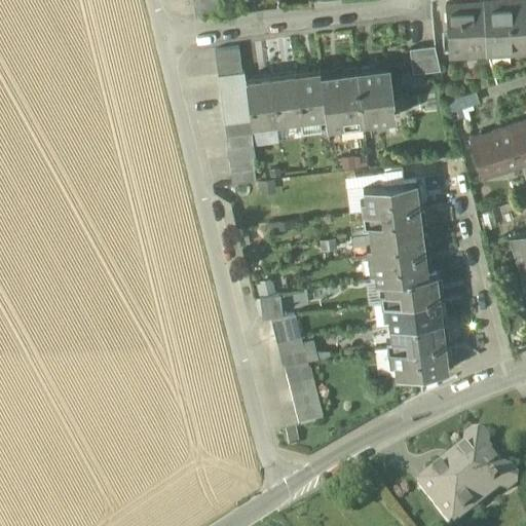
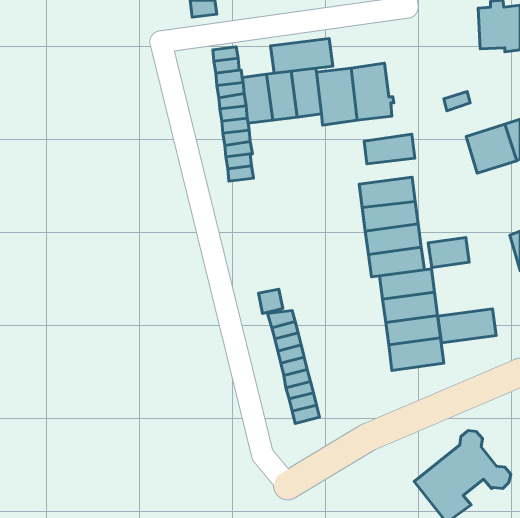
building: [446,10,485,58] -> none
building: none -> [271,38,333,73]
building: [409,48,440,75] -> none
building: none -> [364,134,415,164]
building: none -> [428,238,469,267]
building: none -> [438,309,496,343]

